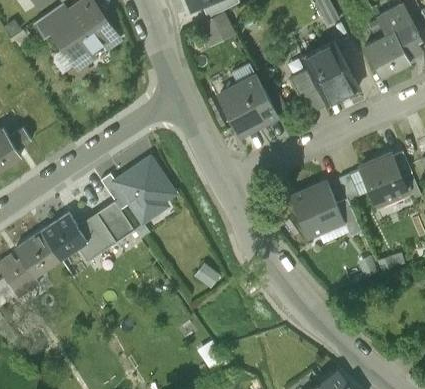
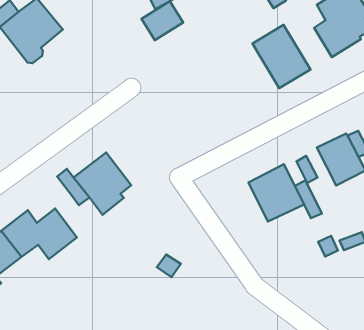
building: [290,69,326,114] -> none
building: [219,75,278,136] -> none
building: [96,201,134,242] -> none

